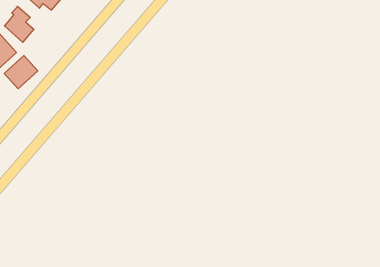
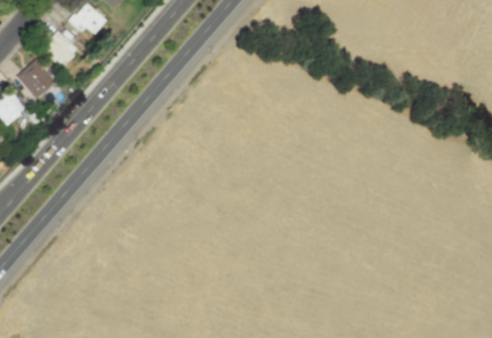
building: [4,56,38,89] -> none

